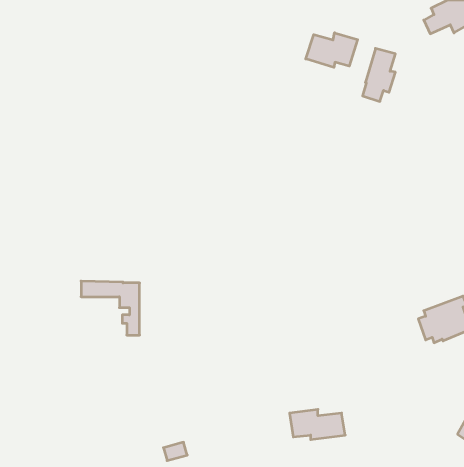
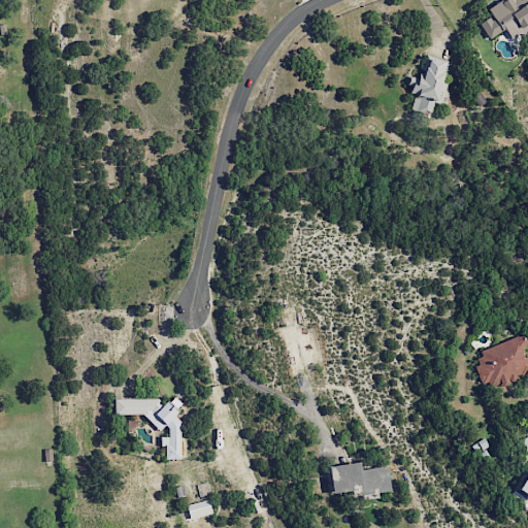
building: [306,33,358,67] -> none
building: [81,281,140,335] -> [116,398,182,459]

